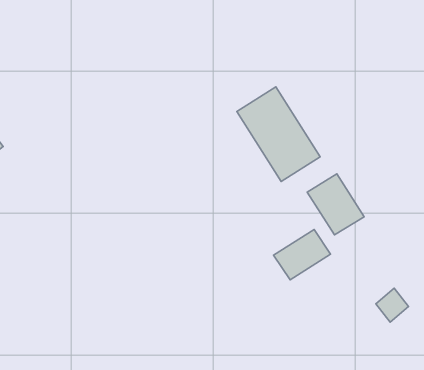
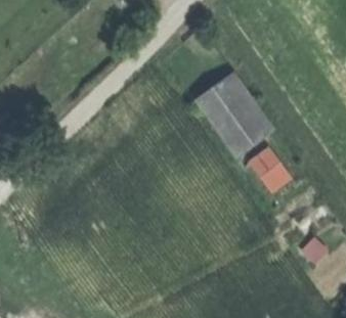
building: [274,229,331,280] -> none

